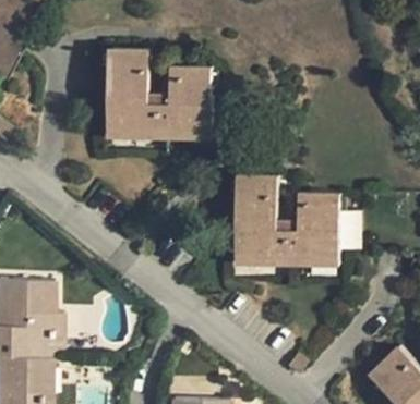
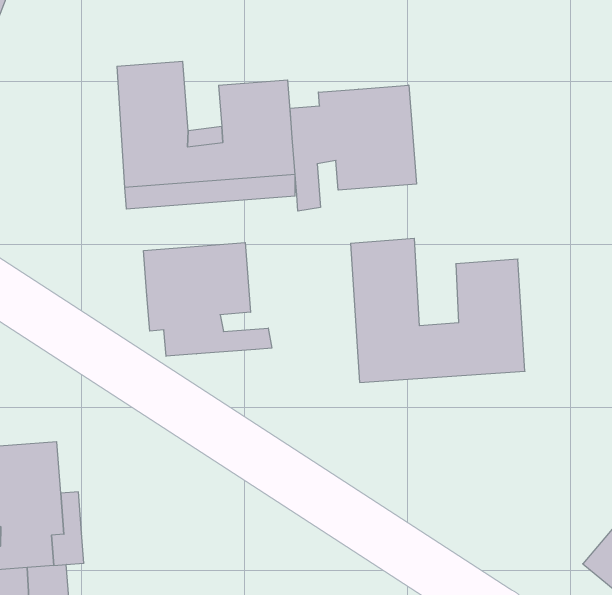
building: none -> [290,85,416,211]
building: none -> [144,243,272,356]

